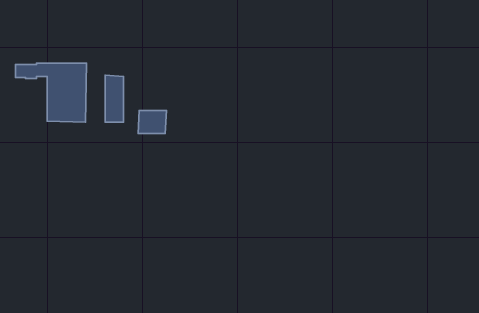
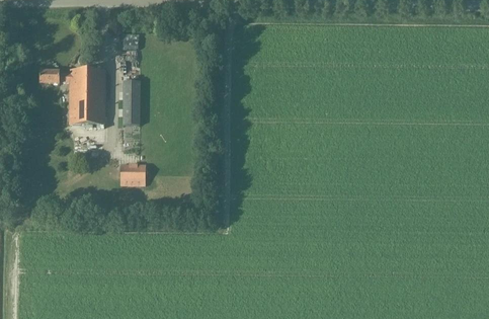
building: [138,111,166,133] -> [118,162,145,183]

